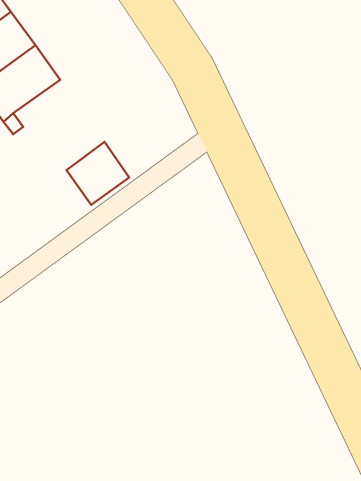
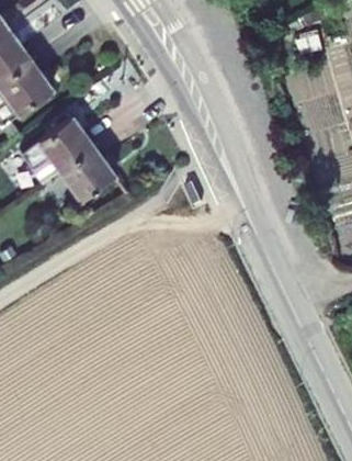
building: none -> [24,117,94,182]

